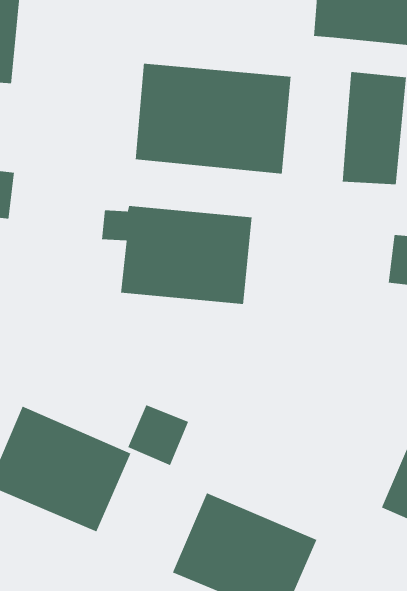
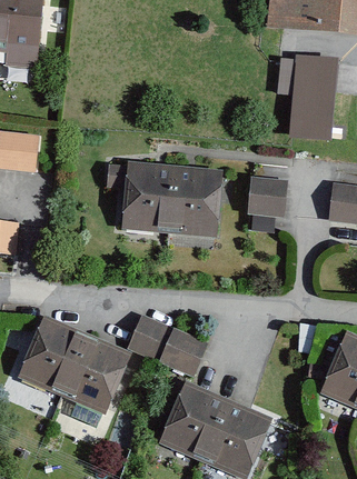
building: [135,63,292,174] -> none
building: none -> [246,176,286,217]
building: none -> [158,327,207,376]

